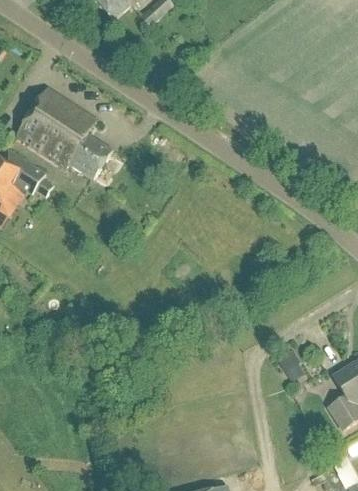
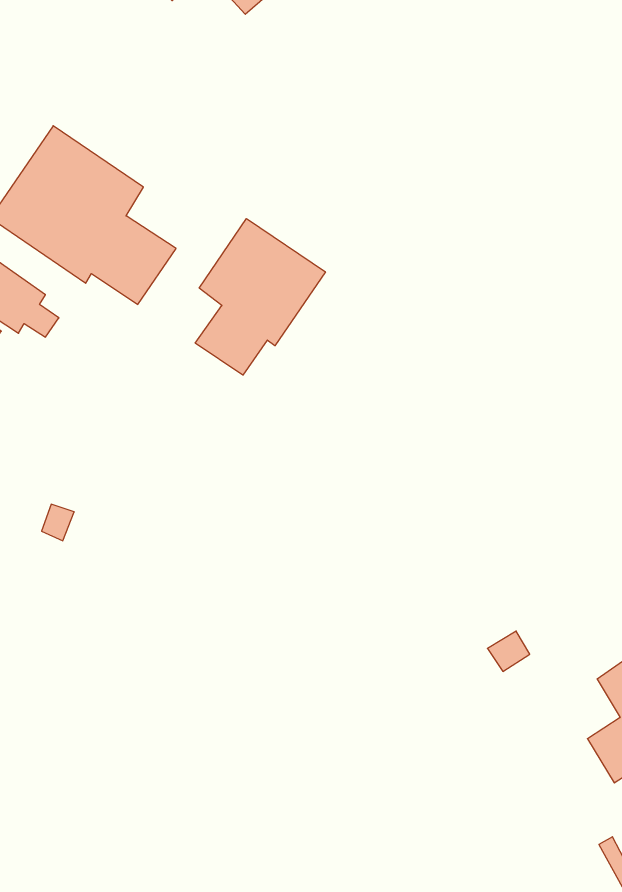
building: none -> [195,219,325,375]

